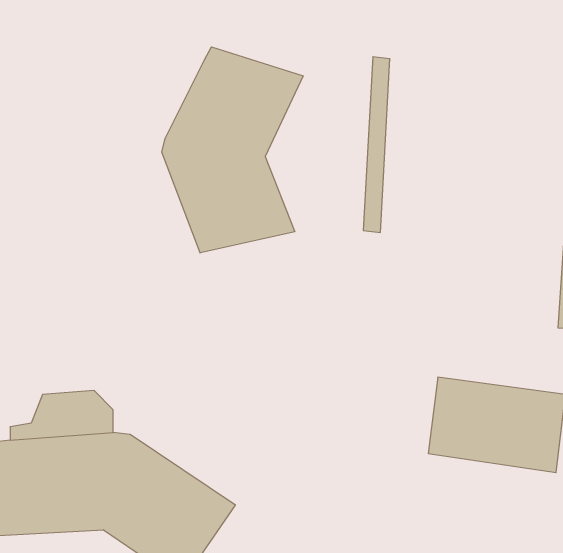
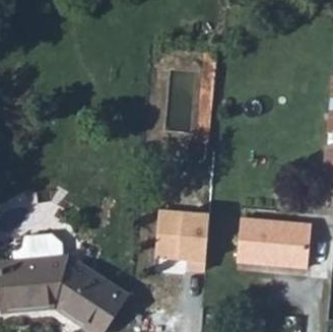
building: [162,47,303,253] -> none
building: none -> [154,213,209,274]

